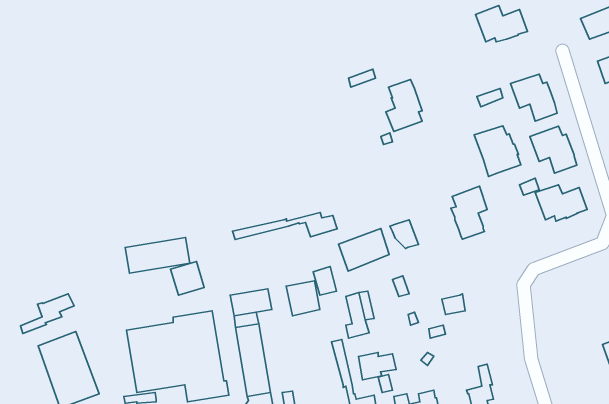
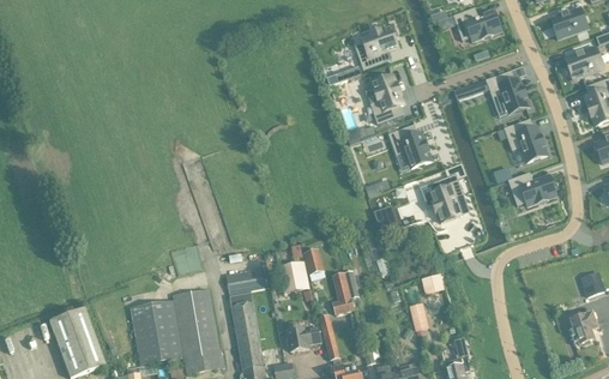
building: none -> [354,28,397,70]
building: [474,126,521,177] -> [387,125,430,172]
building: [233,213,337,240] -> none
building: [339,229,389,271] -> none
building: [125,238,190,273] -> none
building: [20,294,74,333] -> none
building: [359,353,396,380] -> [287,326,321,351]

